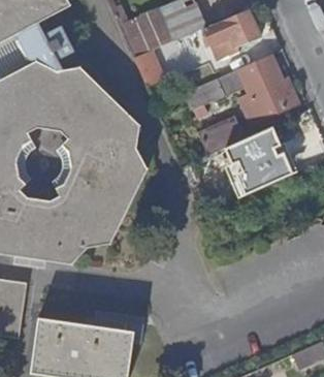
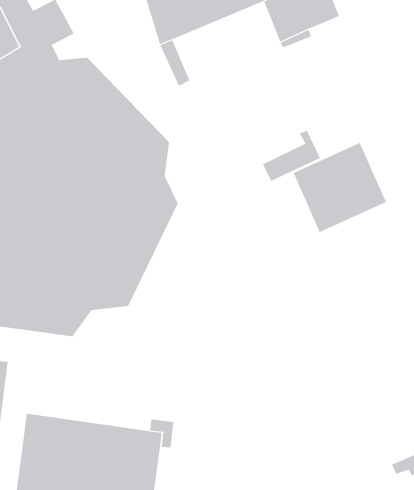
building: [188,55,292,121] -> none

